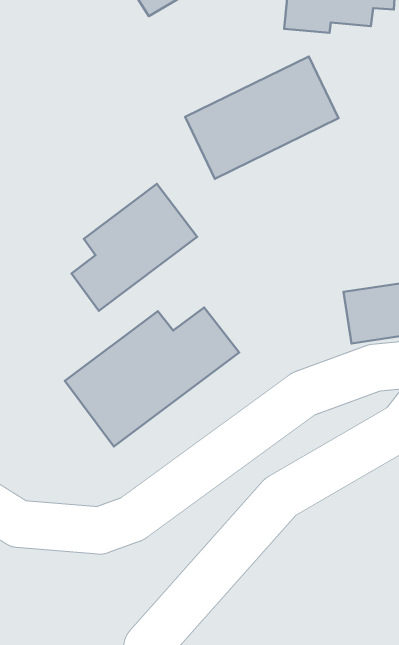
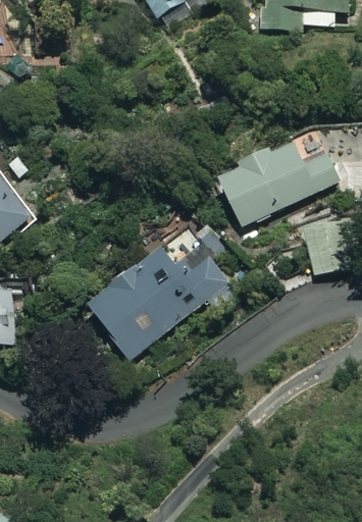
building: [185,56,339,179] -> [218,129,340,226]
building: [71,184,197,311] -> none

